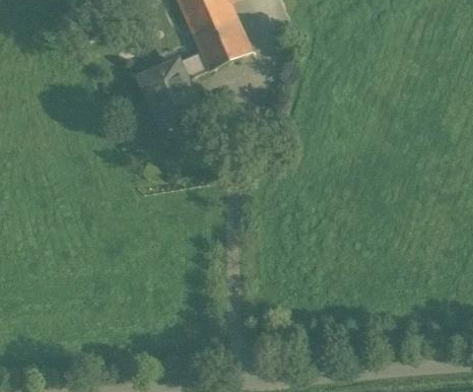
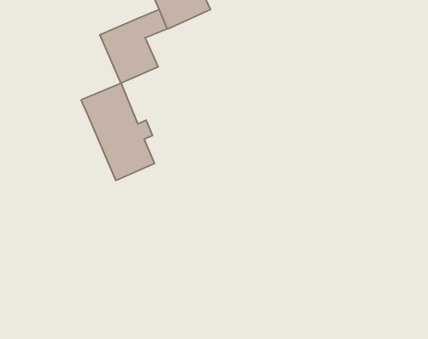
building: none -> [81,83,155,181]

